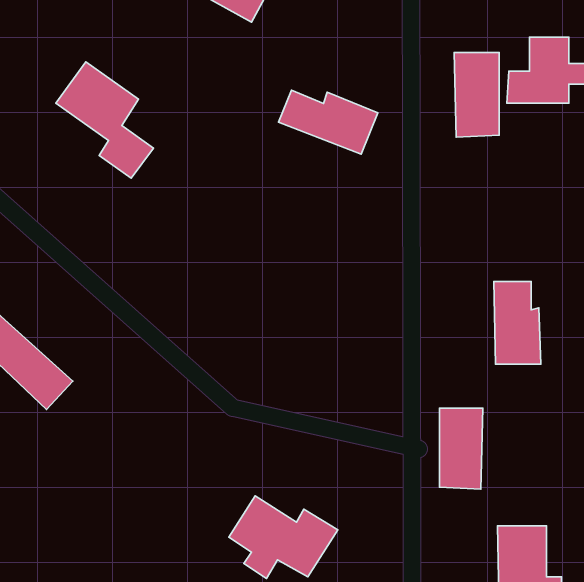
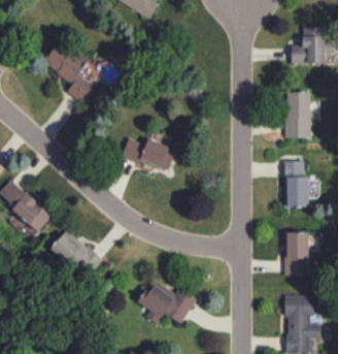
building: [454,53,499,137] -> [284,92,309,138]
building: [278,90,378,154] -> [121,137,175,172]
building: none -> [52,229,102,278]
building: [440,408,483,489] -> [284,232,308,277]

